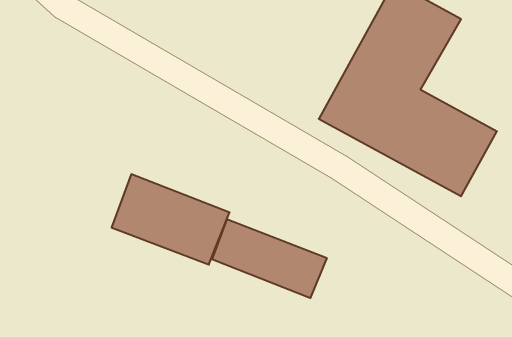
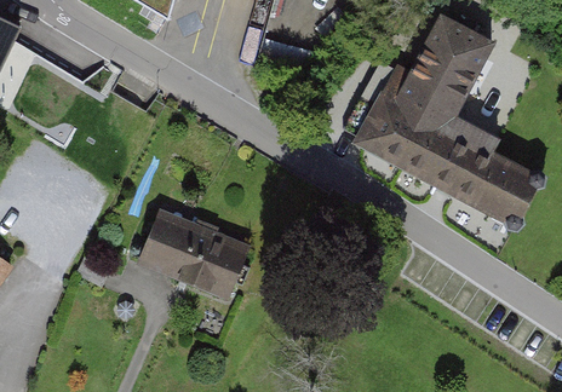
building: [212,219,327,298] -> none

